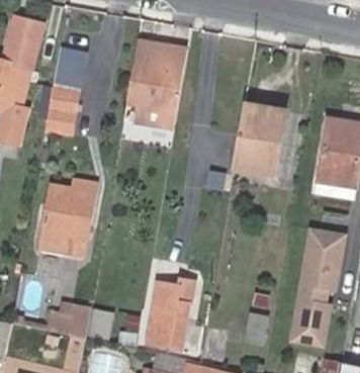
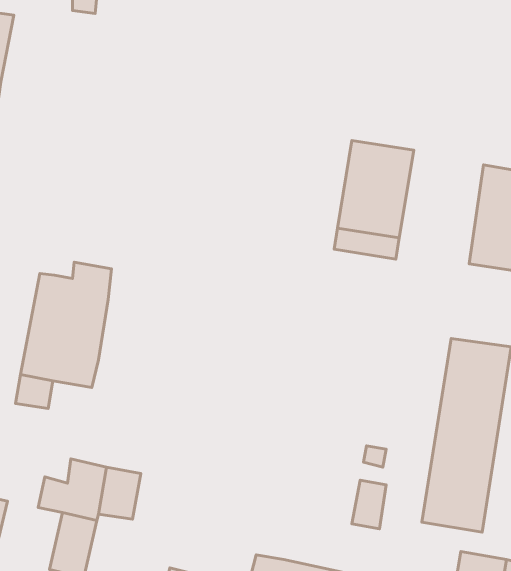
building: [125,41,187,129] -> none
building: [50,53,86,134] -> none
building: [146,276,194,346] -> none

